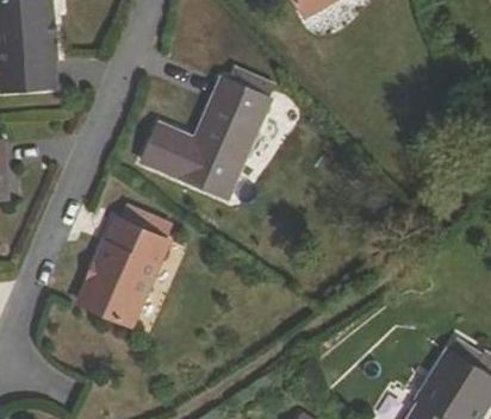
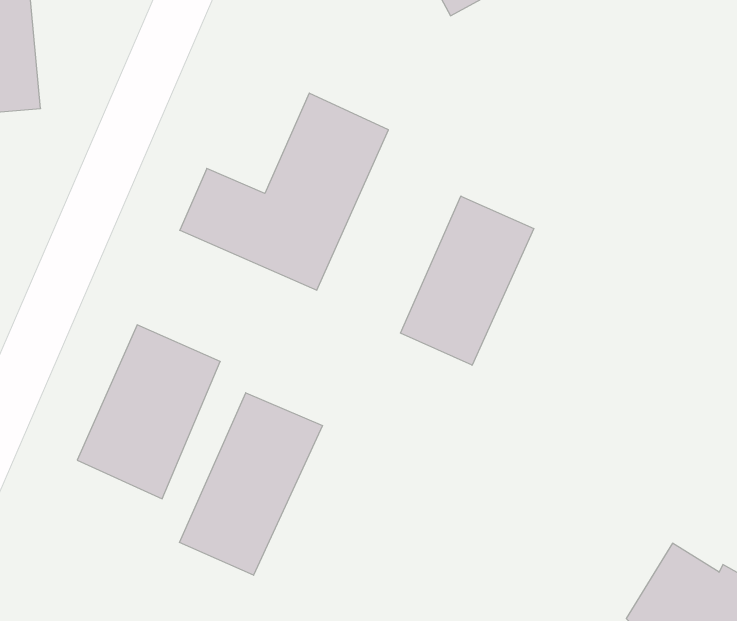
building: none -> [401,196,534,365]
building: none -> [179,393,322,575]

